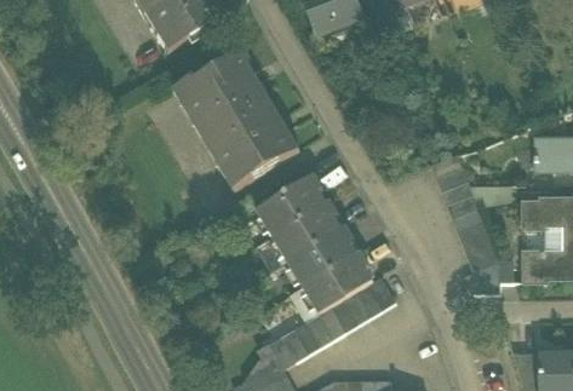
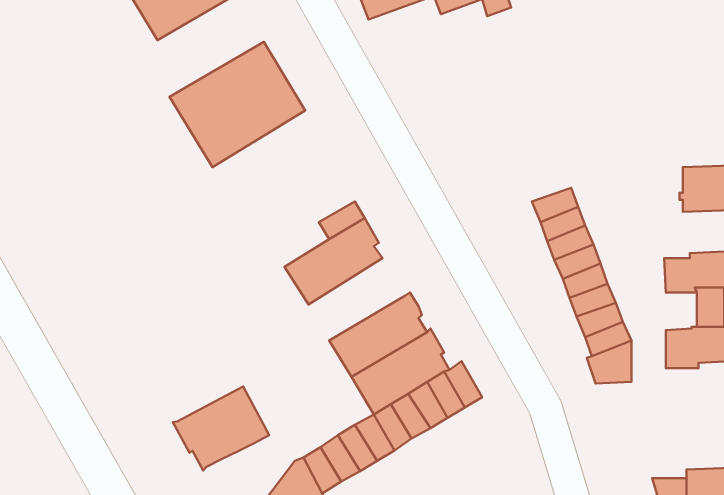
building: [206,99,302,189] -> none
building: [274,202,342,261] -> none
building: none -> [173,386,269,470]

